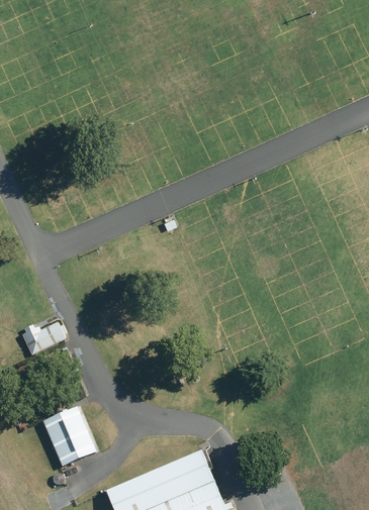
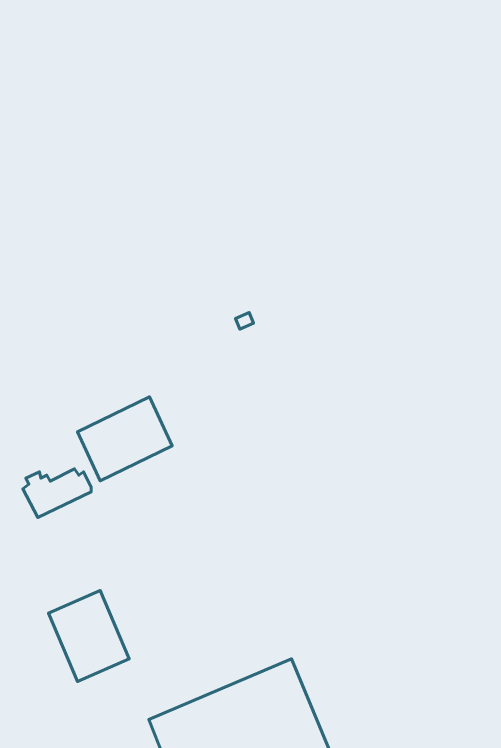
building: none -> [78,397,172,481]

